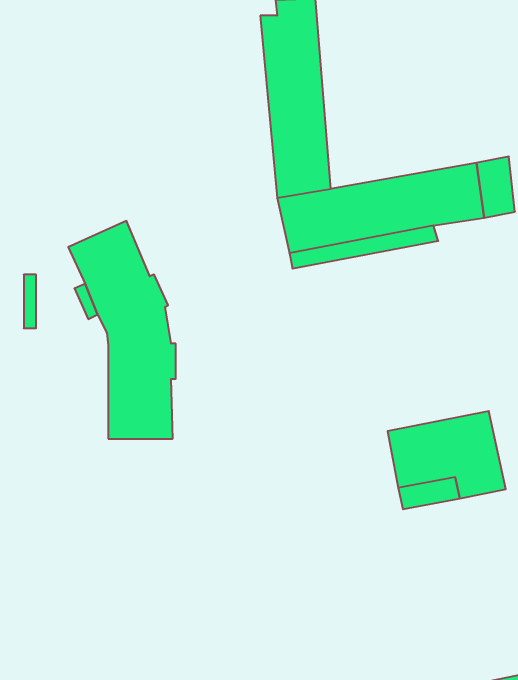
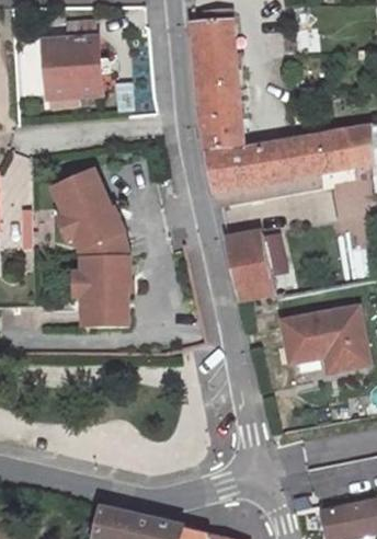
building: none -> [43,20,102,96]
building: none -> [222,231,274,299]

